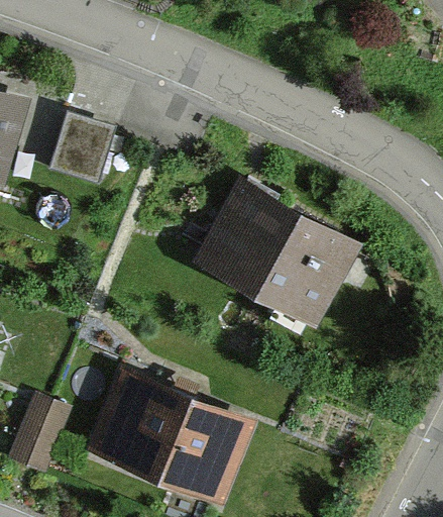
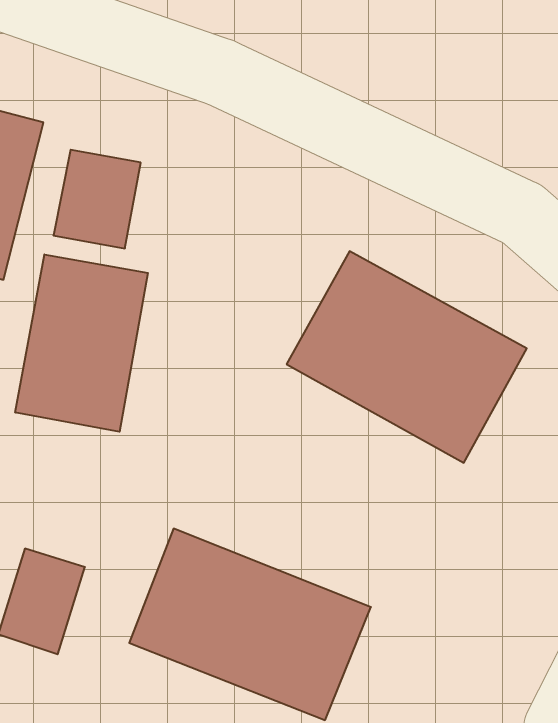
building: none -> [15,254,148,432]

